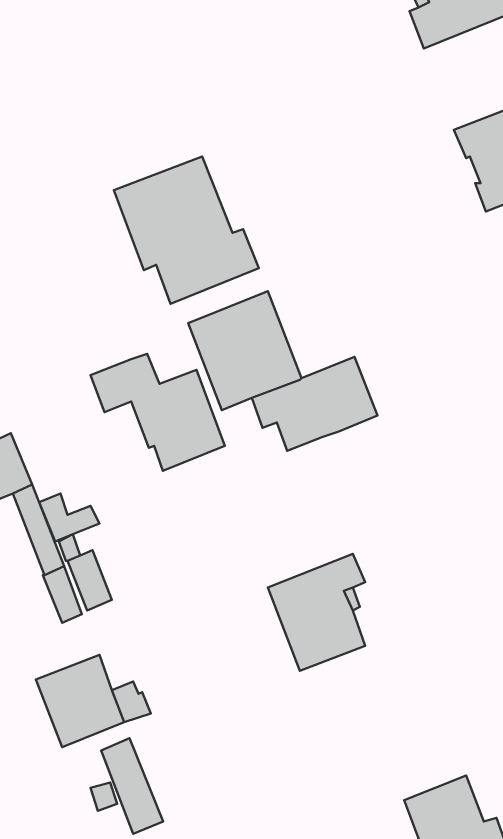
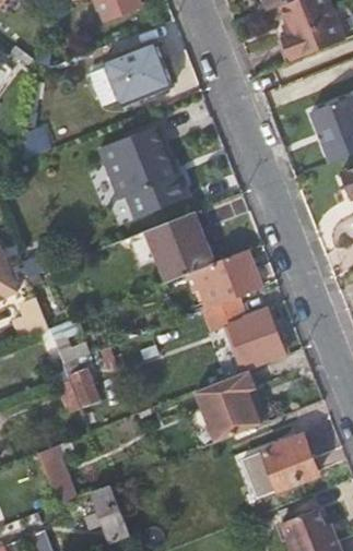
building: none -> [89,41,172,106]
building: [90,354,225,471] -> [203,296,286,368]
building: none -> [243,434,319,496]

